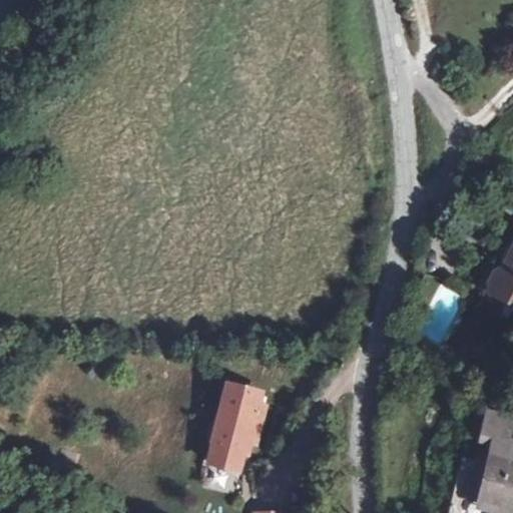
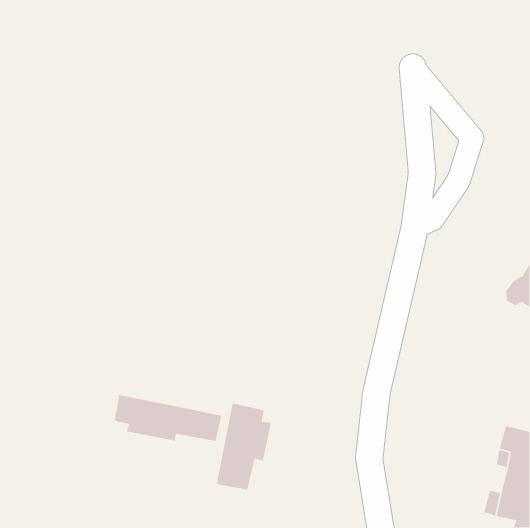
building: none -> [114,394,222,442]

